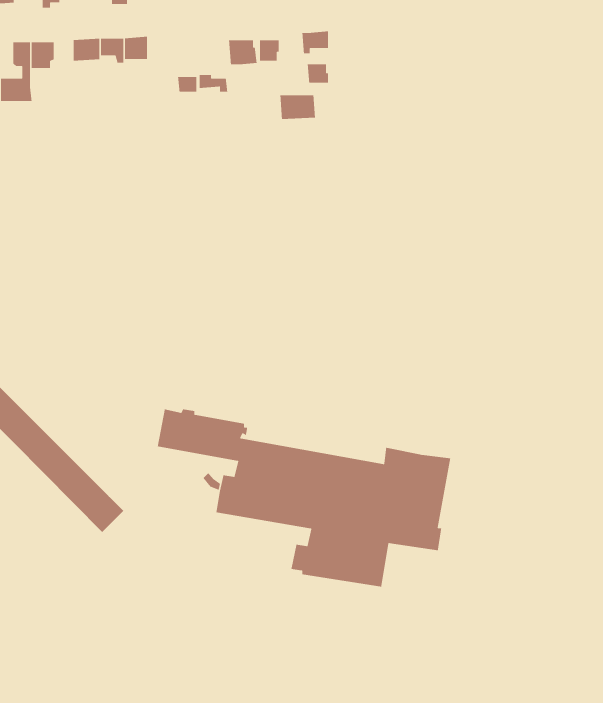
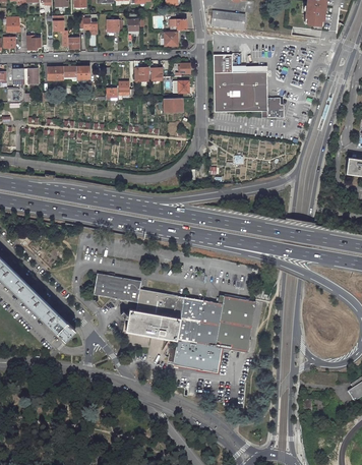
building: none -> [213,53,283,117]

